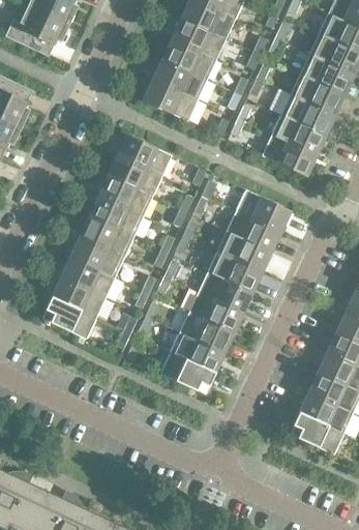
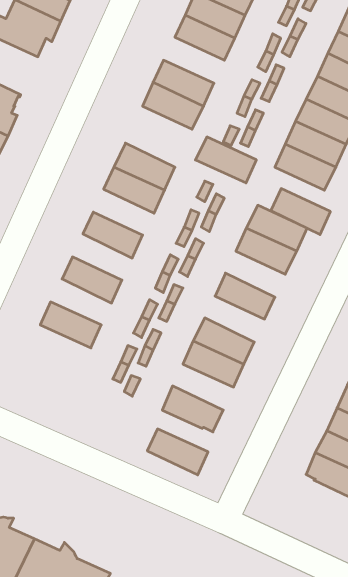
building: [161,38,216,80] -> [195,137,256,183]
building: [98,175,153,216] -> none
building: [80,215,133,257] -> none
building: [217,231,271,272] -> [271,189,330,235]
building: [60,256,115,297] -> none
building: [199,271,252,313] -> none
building: [41,297,96,338] -> none
building: [170,332,225,374] -> [147,429,208,475]

